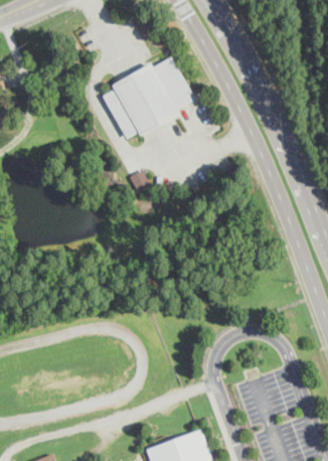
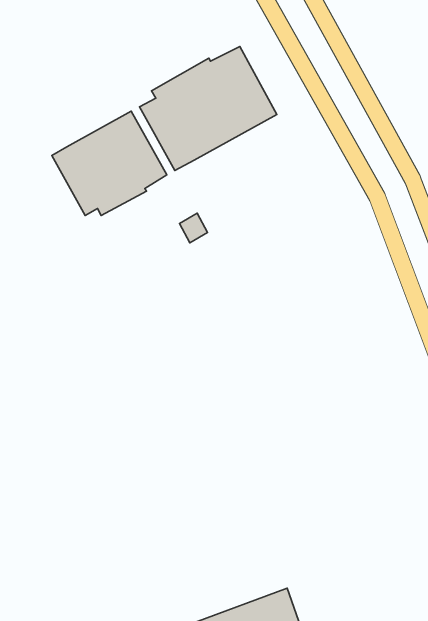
building: none -> [52,111,167,216]

